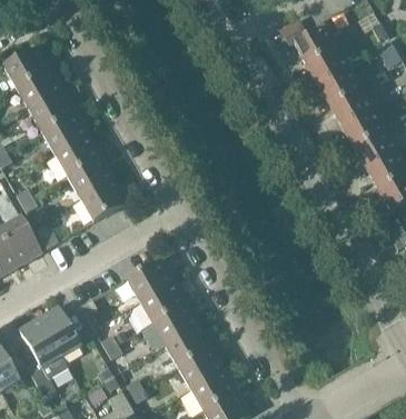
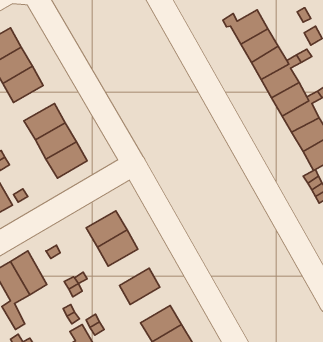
building: [41,113,89,154] -> none
building: [151,303,199,346] -> none
building: [177,348,224,389] -> none

